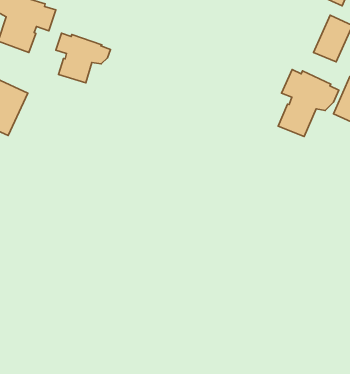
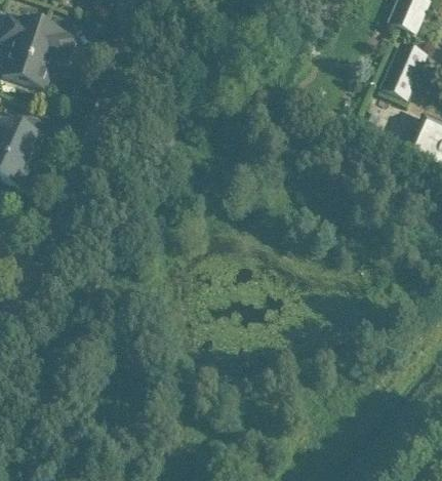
building: [56,33,110,83] -> none
building: [278,70,339,137] -> none

